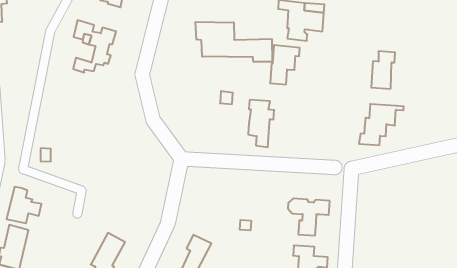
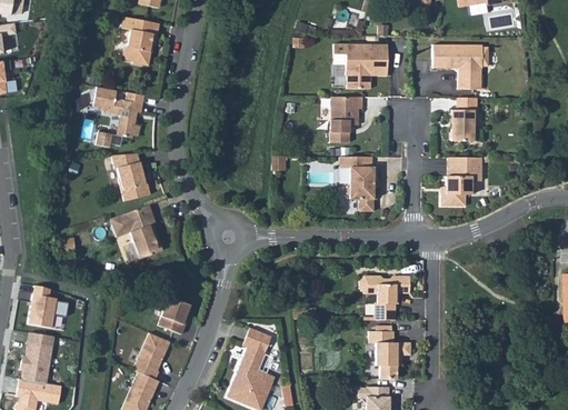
building: none -> [432,46,488,91]
building: [195,22,272,62] -> none
building: none -> [110,150,148,199]
building: [248,100,274,147] -> [348,157,378,211]
building: none -> [109,202,159,256]
building: none -> [158,296,191,334]

